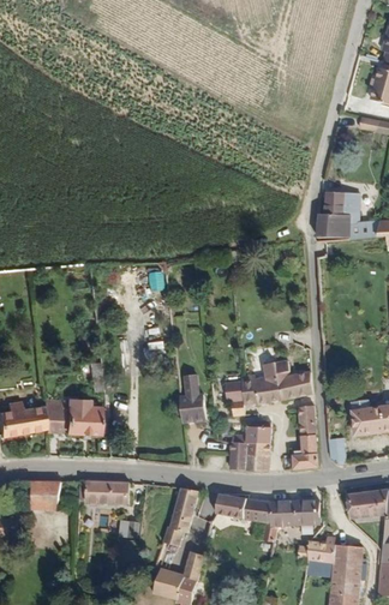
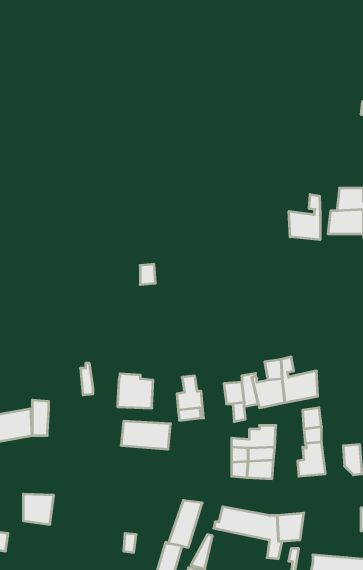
building: none -> [289,194,320,240]
building: [59,396,92,429] -> [118,374,153,408]
building: [80,481,127,508] -> [121,421,171,449]
building: [292,499,321,526] -> none

